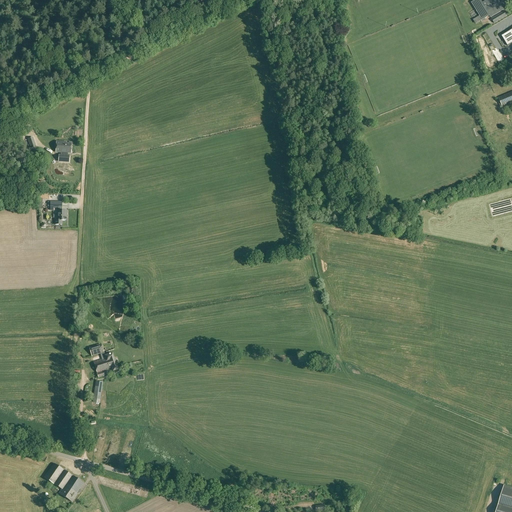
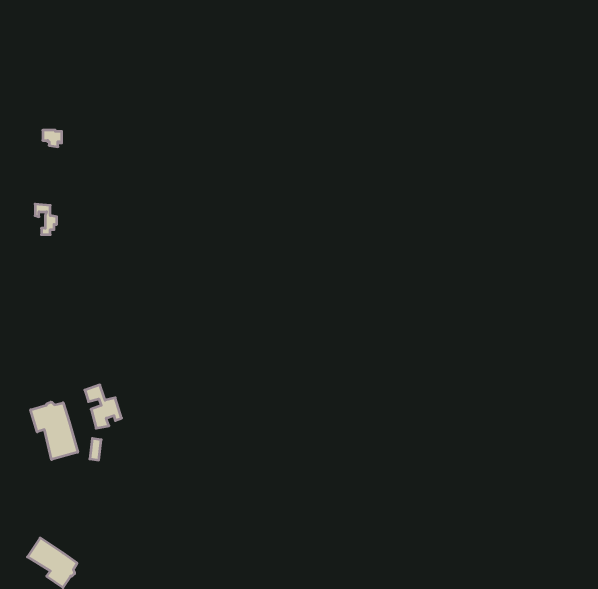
building: none -> [31,402,78,460]

